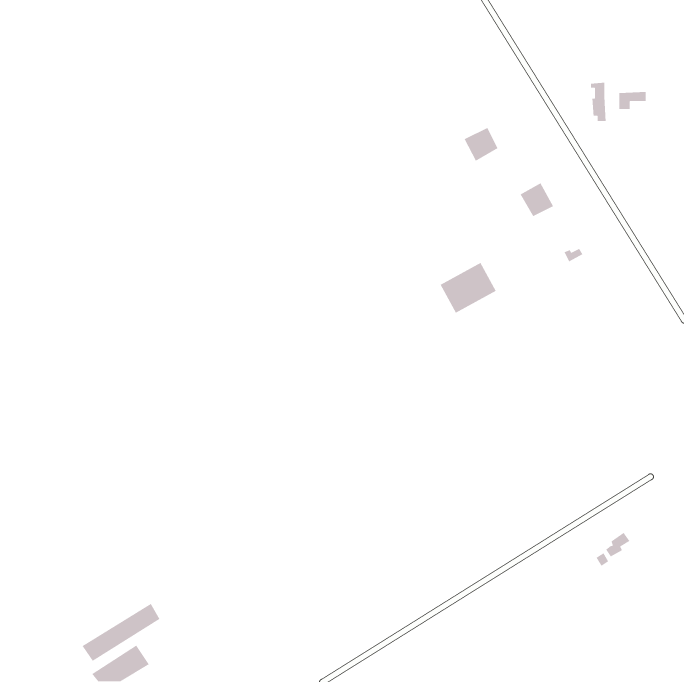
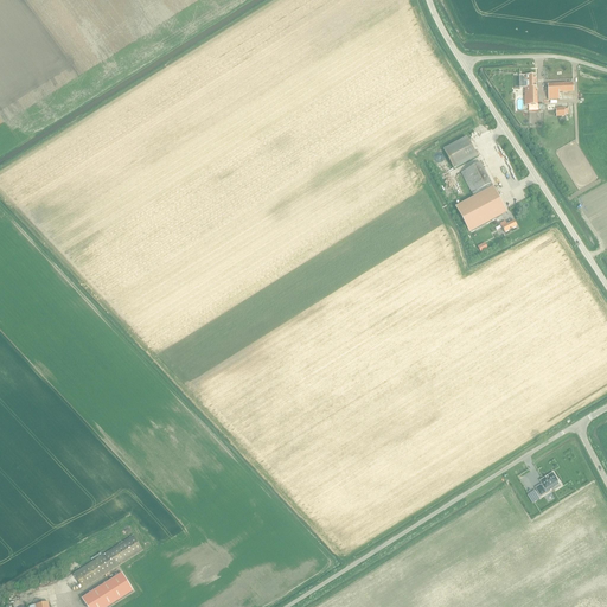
building: [464,127,498,162] -> [445,136,475,167]
building: [439,262,497,314] -> [456,185,507,231]

